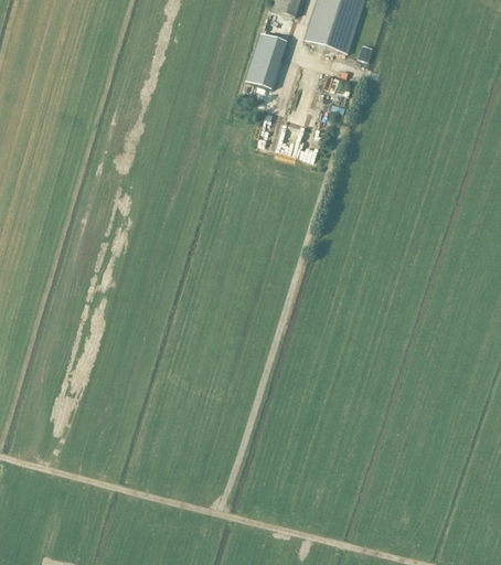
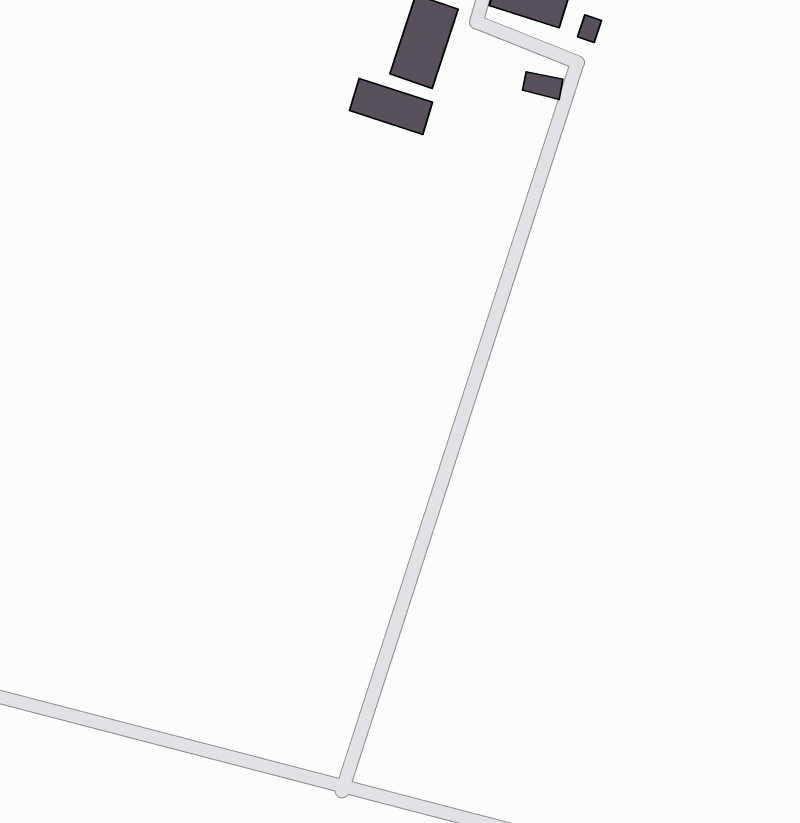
building: none -> [350,78,432,135]

